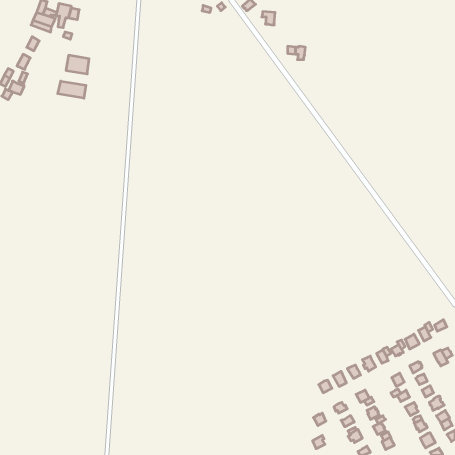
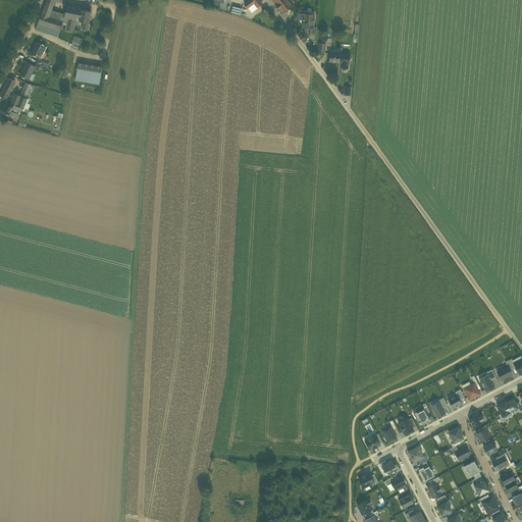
building: [58,81,86,98] -> none

